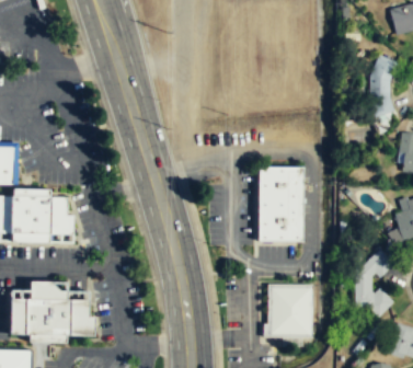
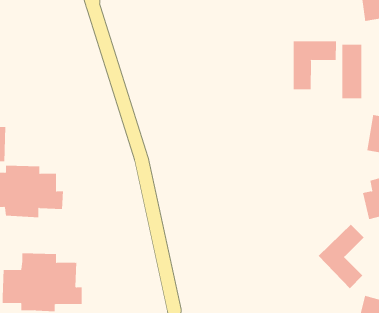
building: none -> [293,41,336,90]
building: [259,168,303,242] -> none
building: [267,285,313,337] -> none

